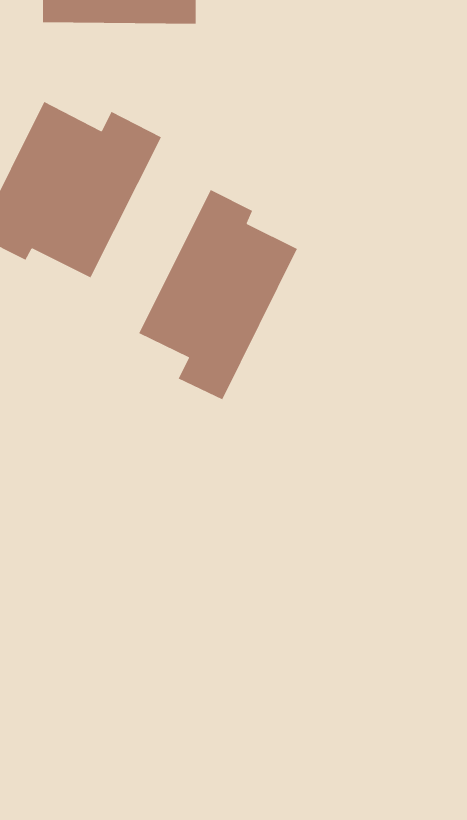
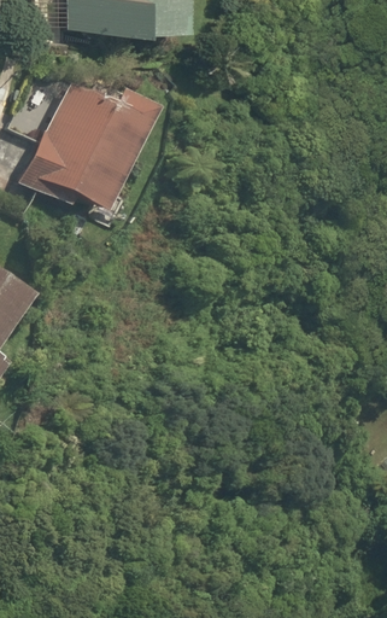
building: [138,189,298,400] -> none

